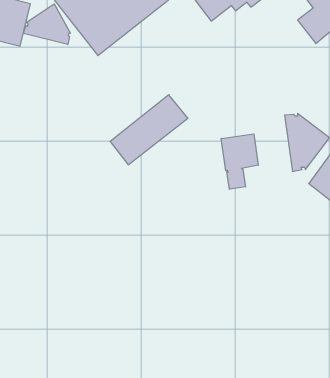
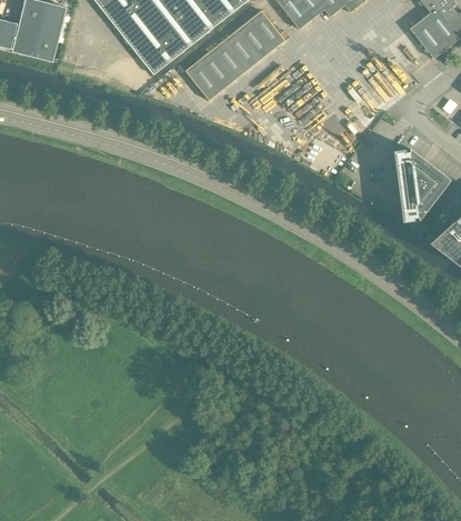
building: [23,4,70,45] -> none
building: [110,95,188,165] -> [186,10,285,100]
building: [221,134,258,189] -> none

